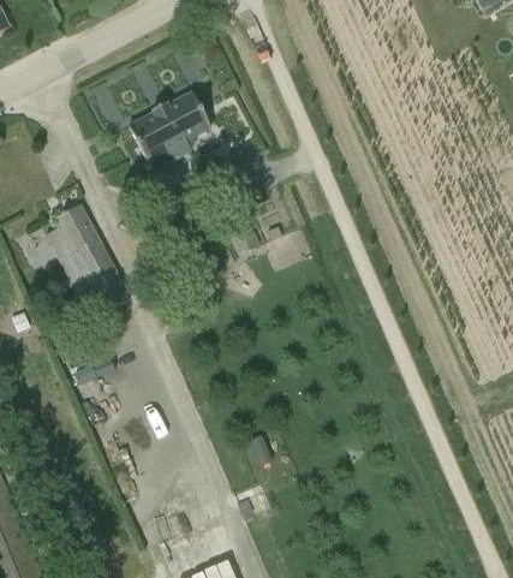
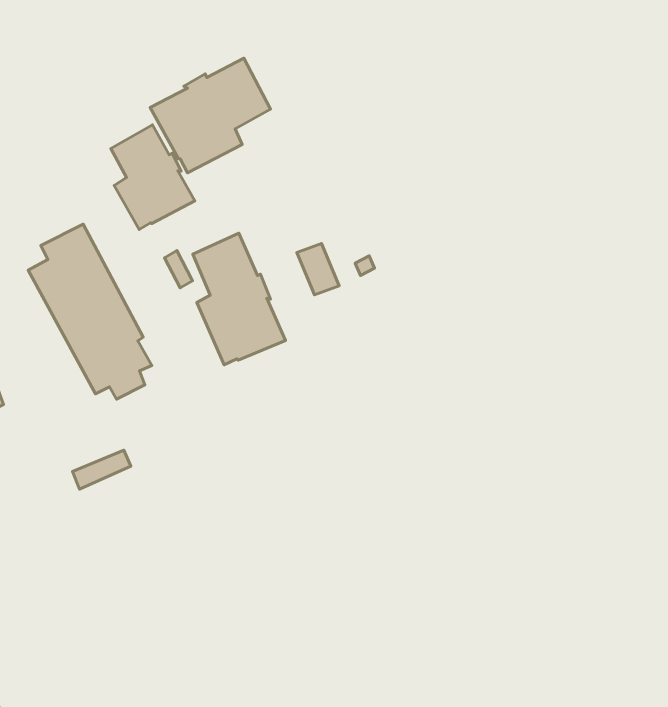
building: none -> [111,125,195,229]
building: none -> [193,233,285,365]

